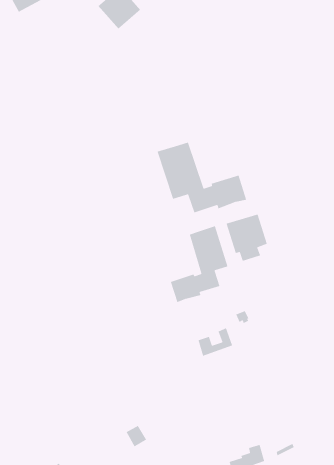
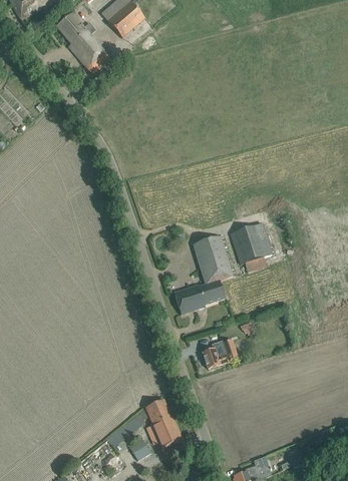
building: none -> [55,12,109,73]
building: [157,142,247,214] -> none
building: none -> [106,399,182,447]

